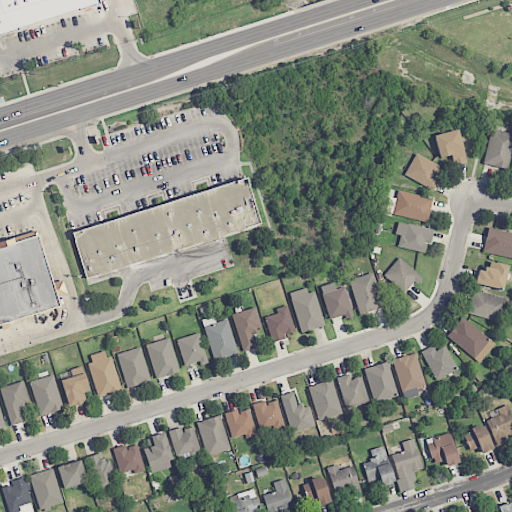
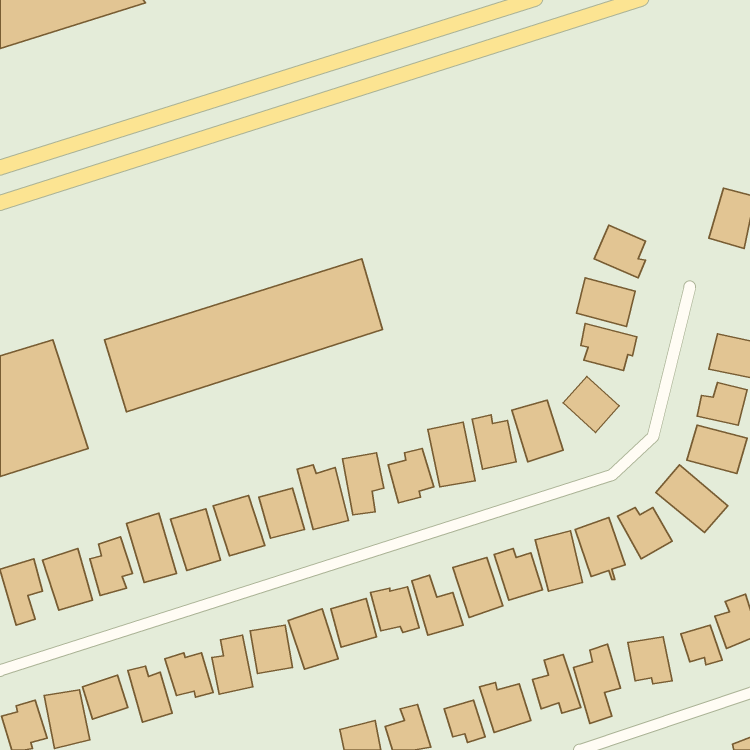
building: [435,129,466,165] -> none

